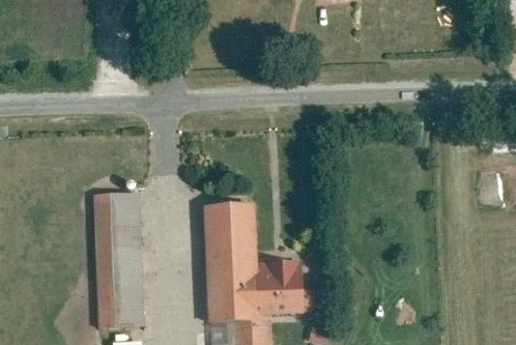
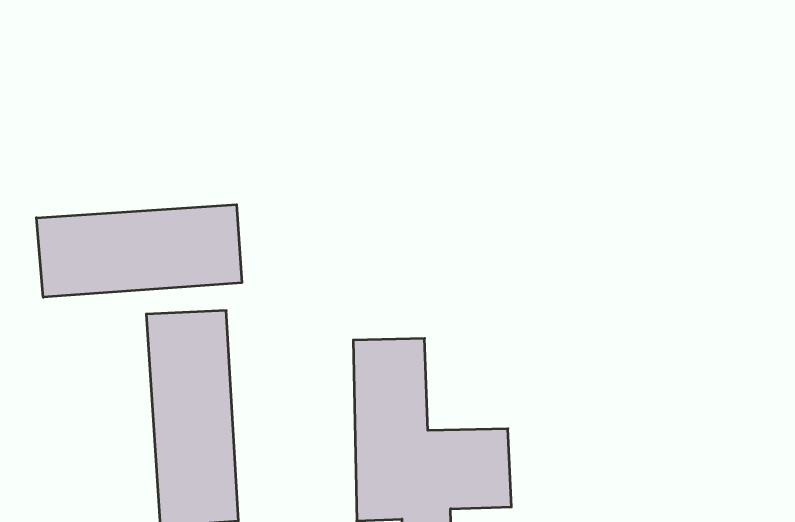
building: none -> [36,205,242,297]

